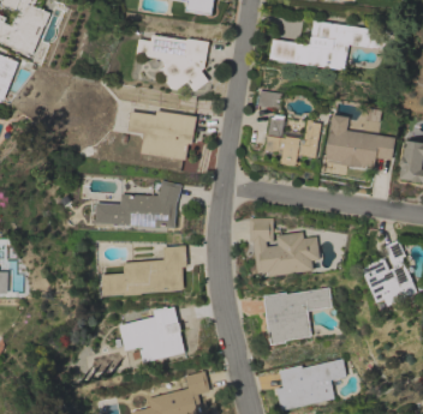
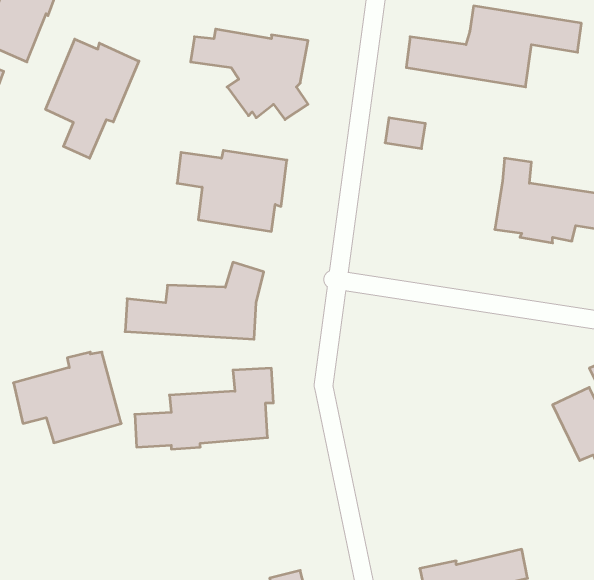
building: none -> [46,39,139,158]
building: [264,115,320,166] -> none
building: [248,217,318,277] -> none
building: [262,288,330,346] -> none
building: [118,307,185,364] -> [13,352,121,443]

